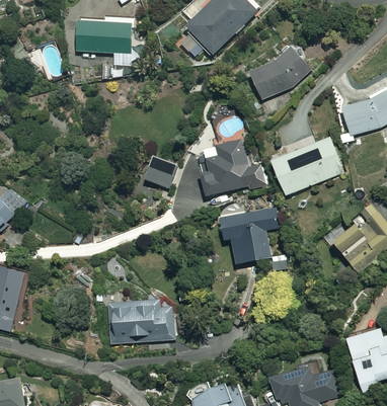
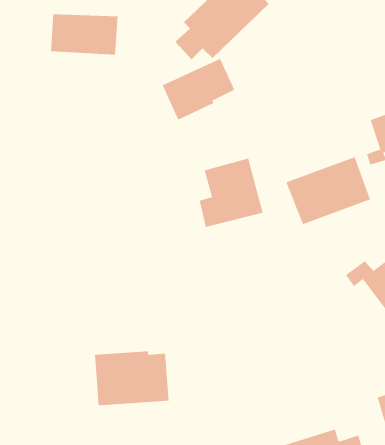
building: [249,49,310,100] -> [162,58,235,120]
building: [145,157,176,187] -> none
building: [220,208,279,263] -> none

